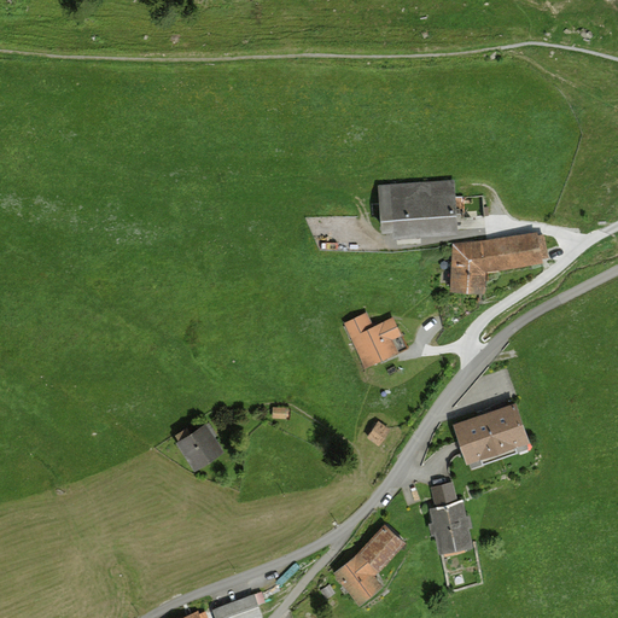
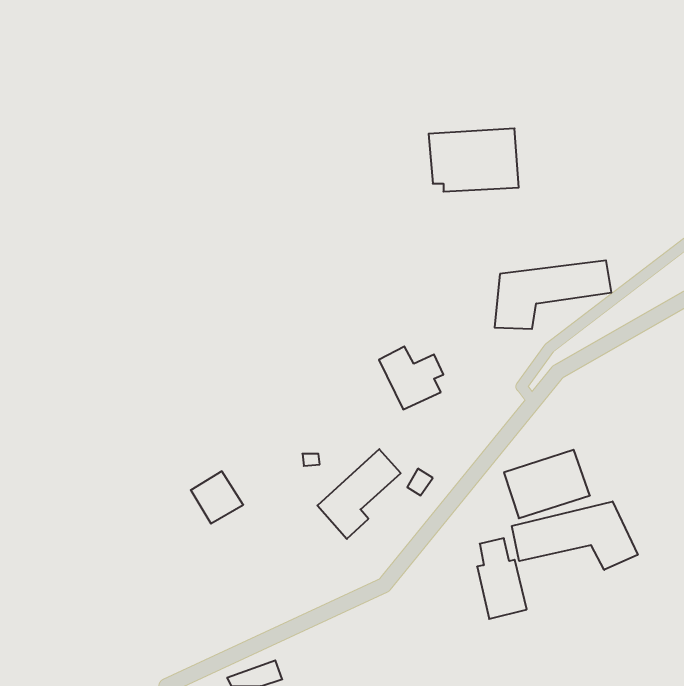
building: [375,185,456,241] -> [429,128,519,192]
building: none -> [512,501,638,570]
building: [331,519,406,600] -> [317,449,401,539]

